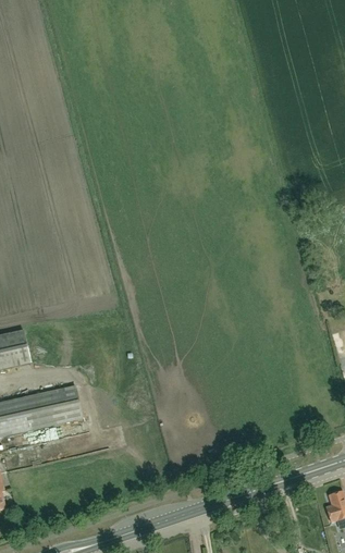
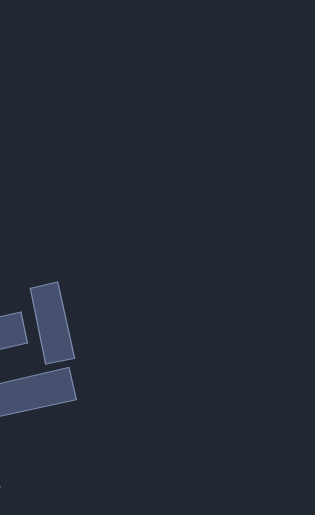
building: none -> [30,282,74,364]

